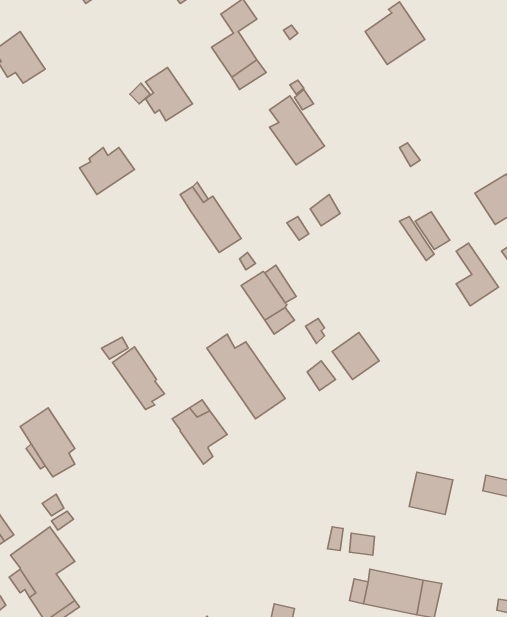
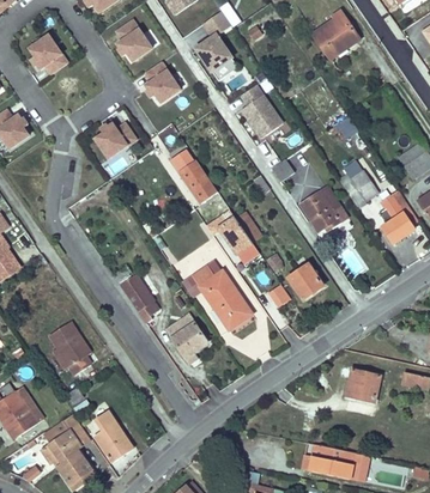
building: none -> [116,19,152,61]
building: none -> [301,185,349,232]
building: none -> [95,412,133,462]

